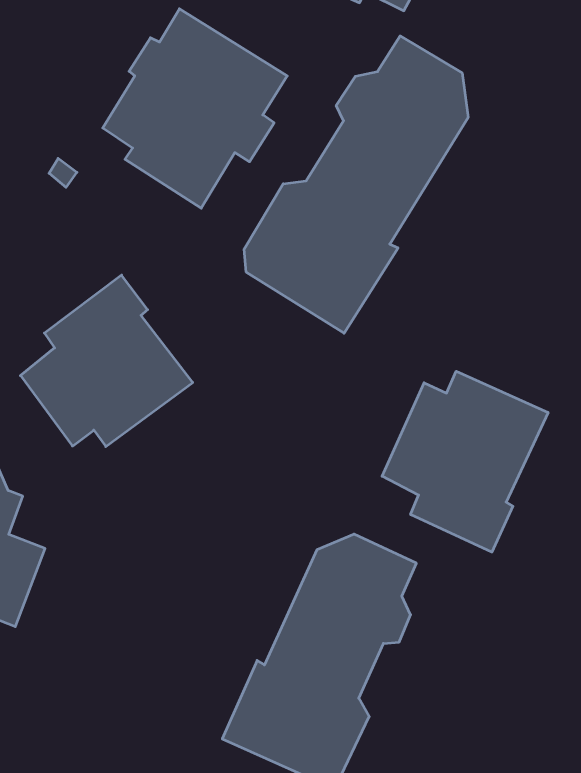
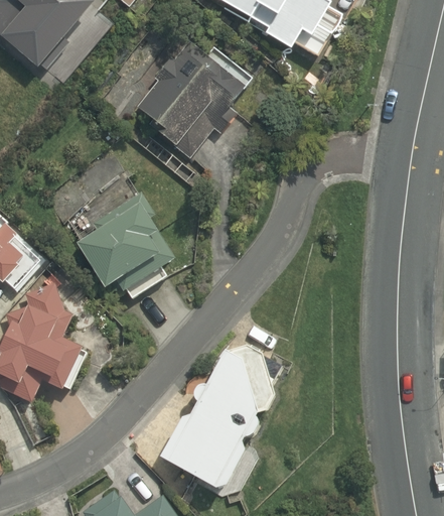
building: [244,36,468,333] -> none
building: [382,371,548,552] -> none

